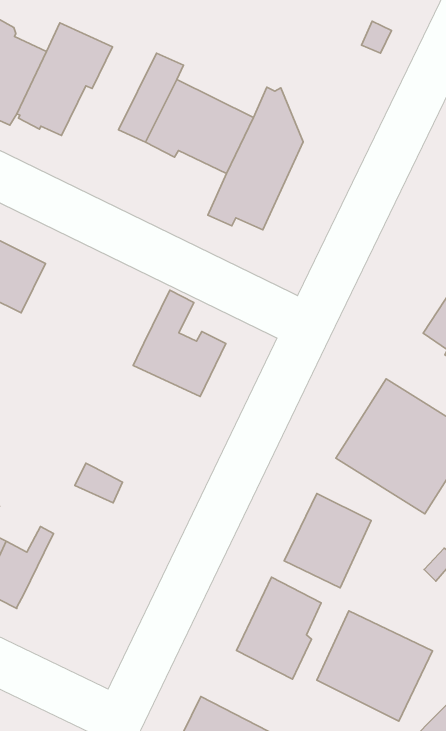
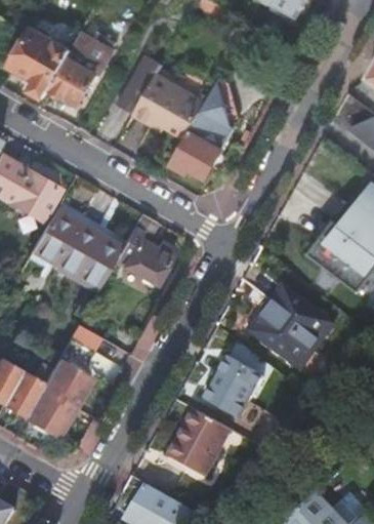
building: none -> [31,209,122,292]
building: none -> [25,360,91,435]
building: [317,611,433,721] -> none

